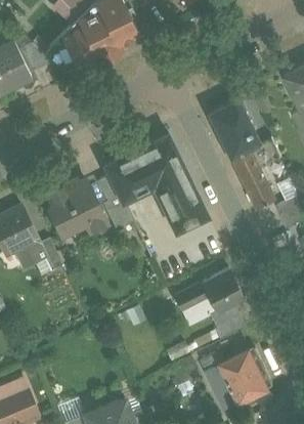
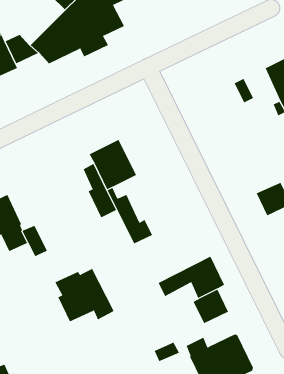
building: [208,99,283,210] -> none
building: [134,134,206,230] -> none
building: [45,179,106,235] -> [55,268,115,322]

